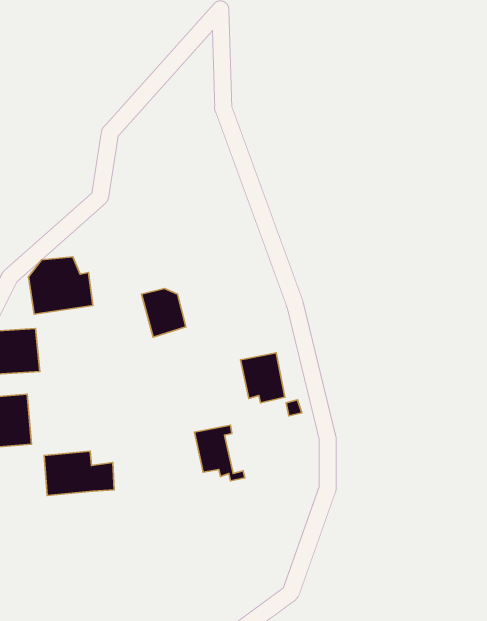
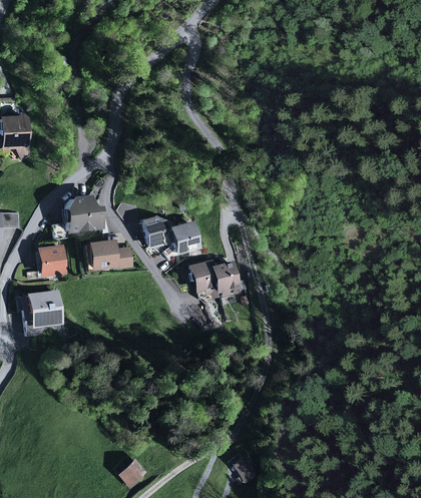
building: none -> [167,221,200,257]
building: [195,425,245,481] -> [187,260,223,299]
building: [44,451,114,495] -> [85,239,134,271]

